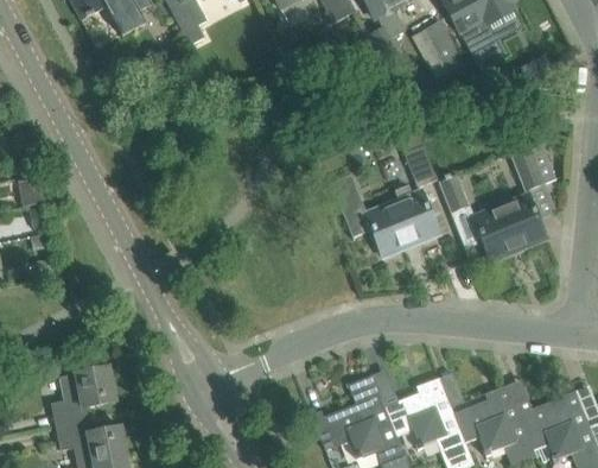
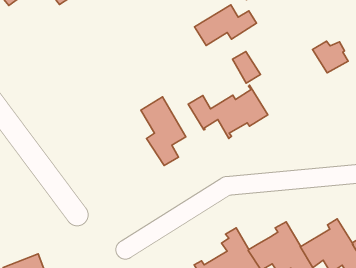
building: none -> [194,5,256,45]
building: [439,173,547,259] -> none
building: none -> [141,97,186,166]

